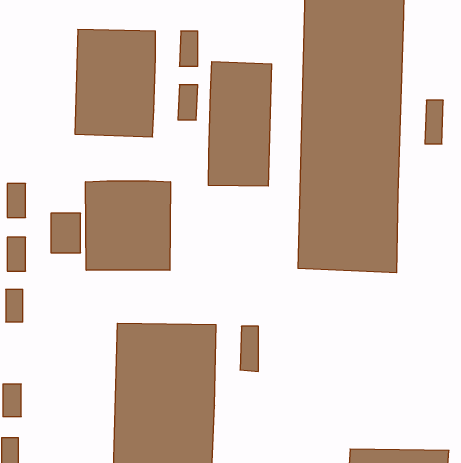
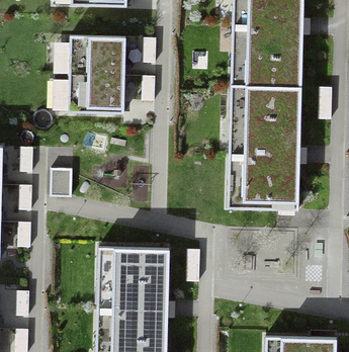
building: [208,62,272,186] -> none
building: [86,181,170,270] -> none

